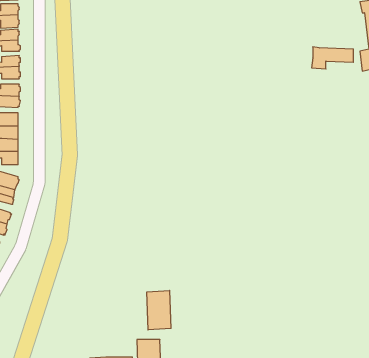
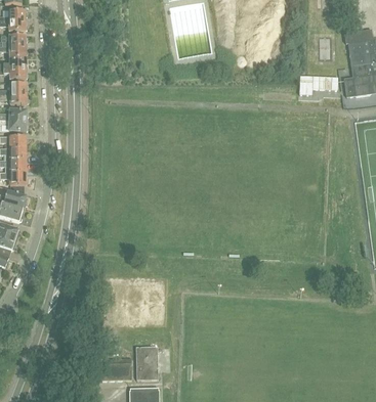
building: [147,290,171,330] -> none

